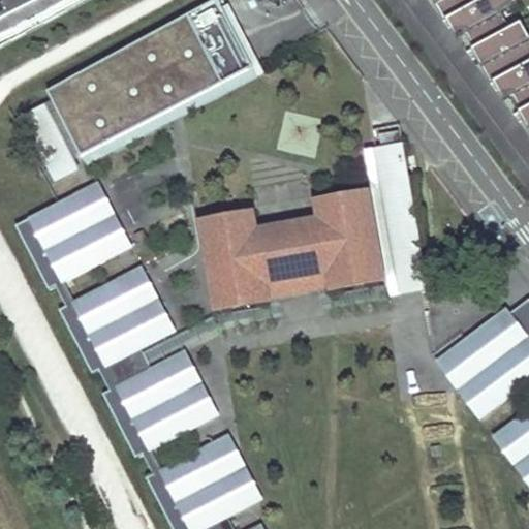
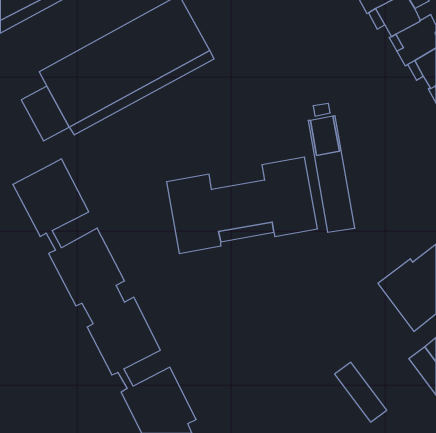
building: [74,181,130,256] -> none
building: [118,264,174,340] -> none
building: [438,343,501,415] -> [335,362,387,422]
building: [162,348,217,424] -> none
building: [206,432,260,507] -> none

